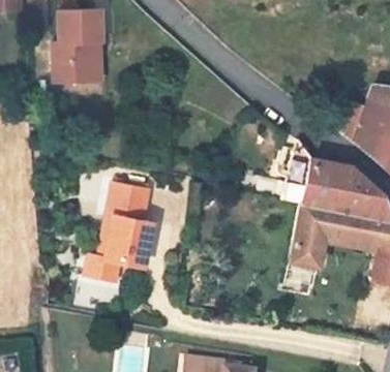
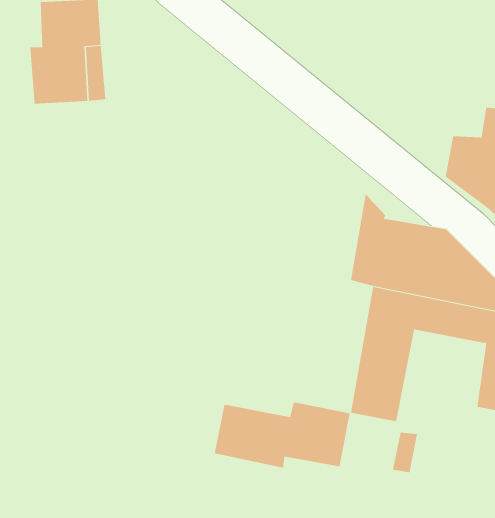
building: [89,186,157,284] -> none
building: none -> [214,401,350,469]

